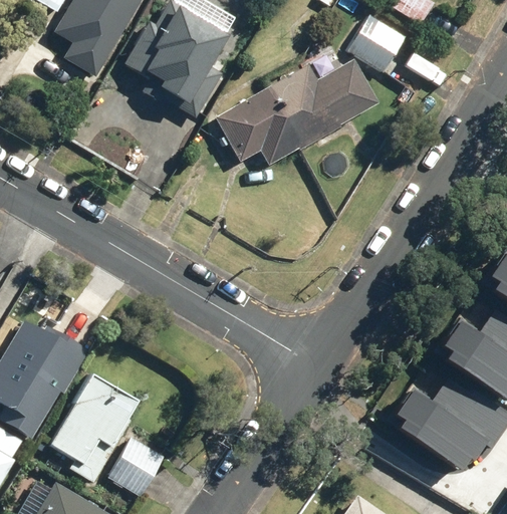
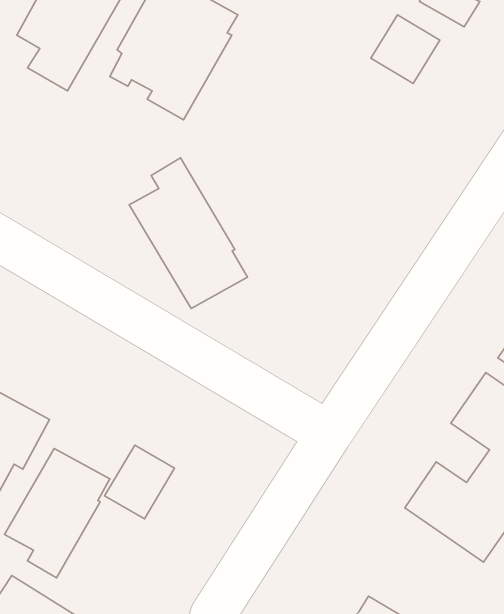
building: [221,58,384,164] -> none
building: none -> [129,158,247,308]
building: [104,435,163,496] -> [104,445,175,519]

